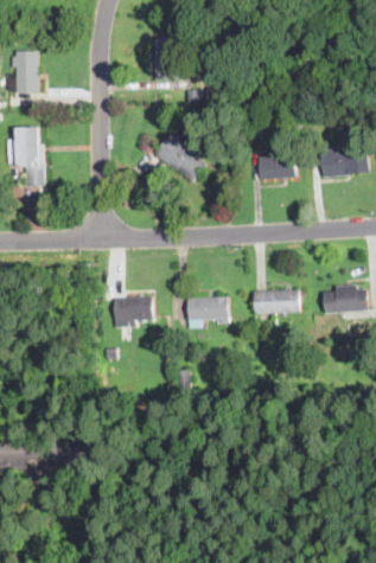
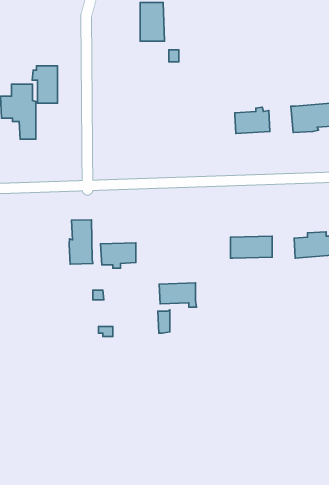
building: [9,52,37,92] -> [32,66,57,103]
building: [153,126,208,184] -> none
building: none -> [69,220,93,264]
building: [186,298,227,324] -> [159,283,197,307]

